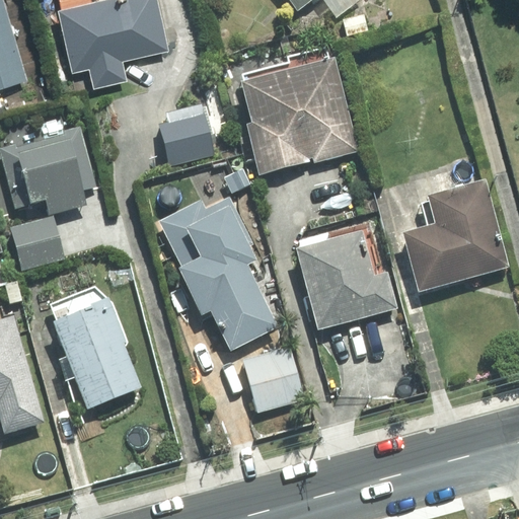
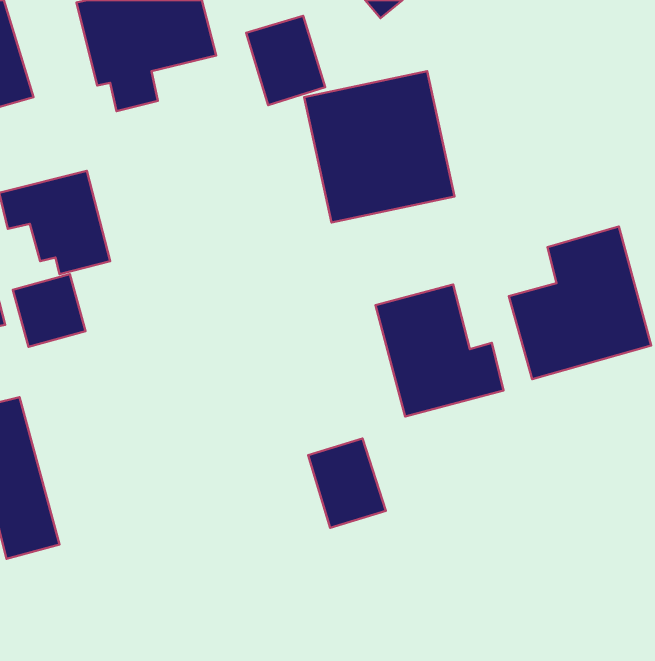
building: [156,105,218,175] -> [246,16,325,105]
building: [155,198,276,350] -> none
building: [51,296,140,409] -> none

